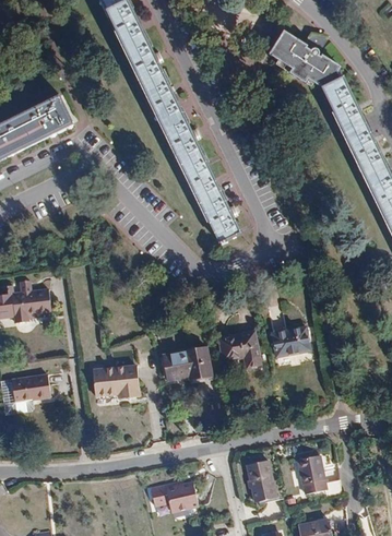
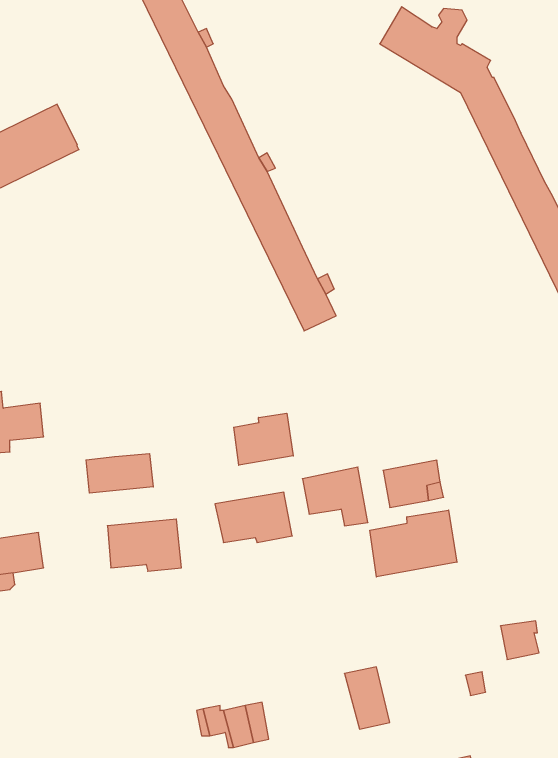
building: none -> [234,413,293,465]
building: none -> [86,454,153,493]
building: none -> [370,510,457,577]
building: [297,460,322,485] -> [500,621,539,660]

